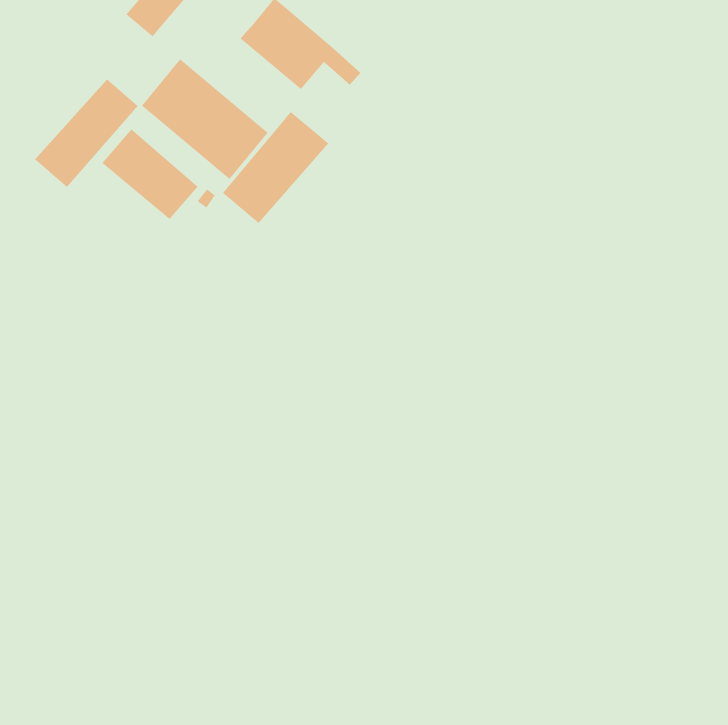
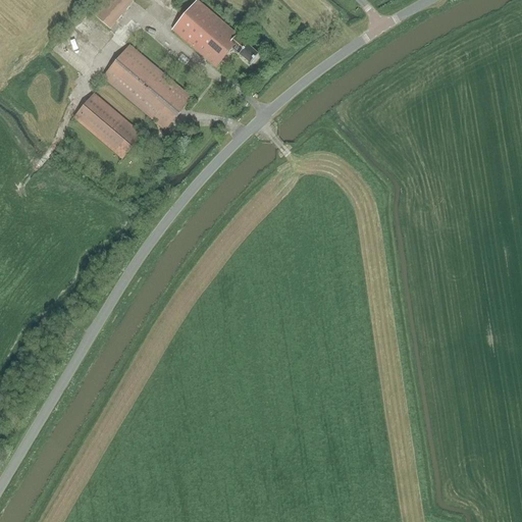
building: [34,79,138,188] -> none
building: [222,111,329,224] -> none

